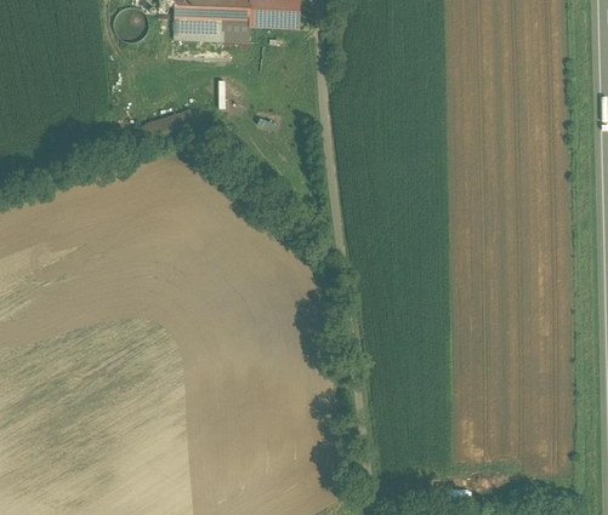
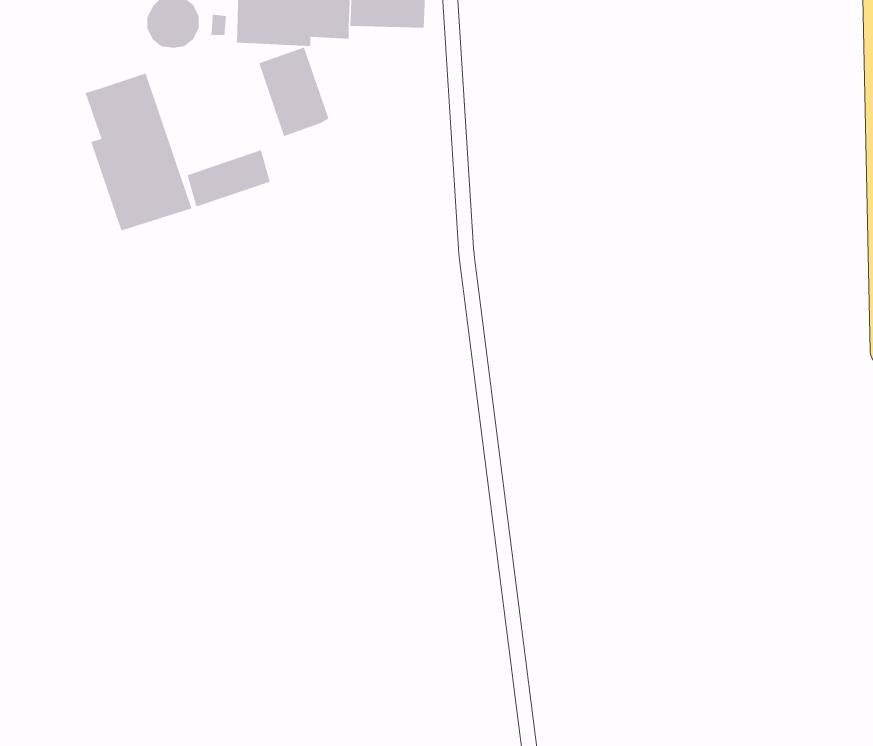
building: none -> [258,46,329,137]
building: none -> [85,73,193,232]

